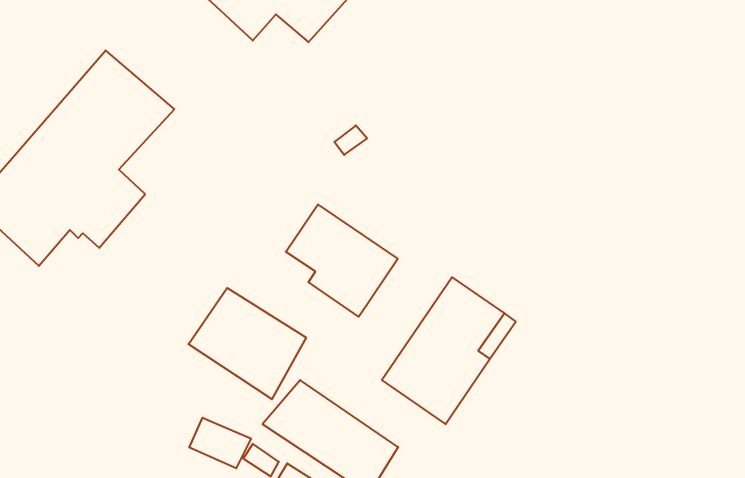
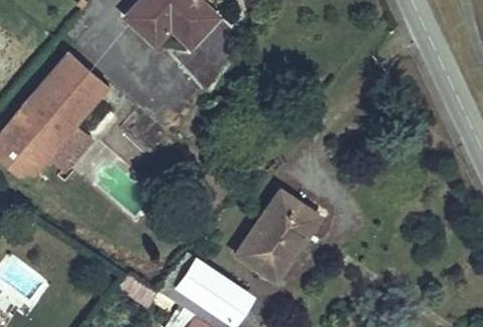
building: [286,204,398,317] -> none
building: [188,288,306,399] -> none

